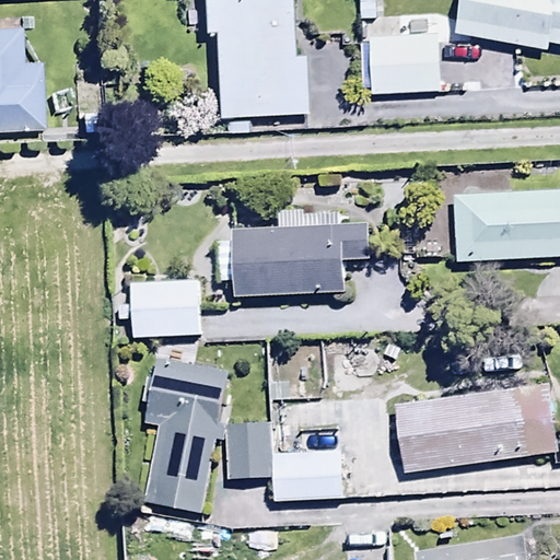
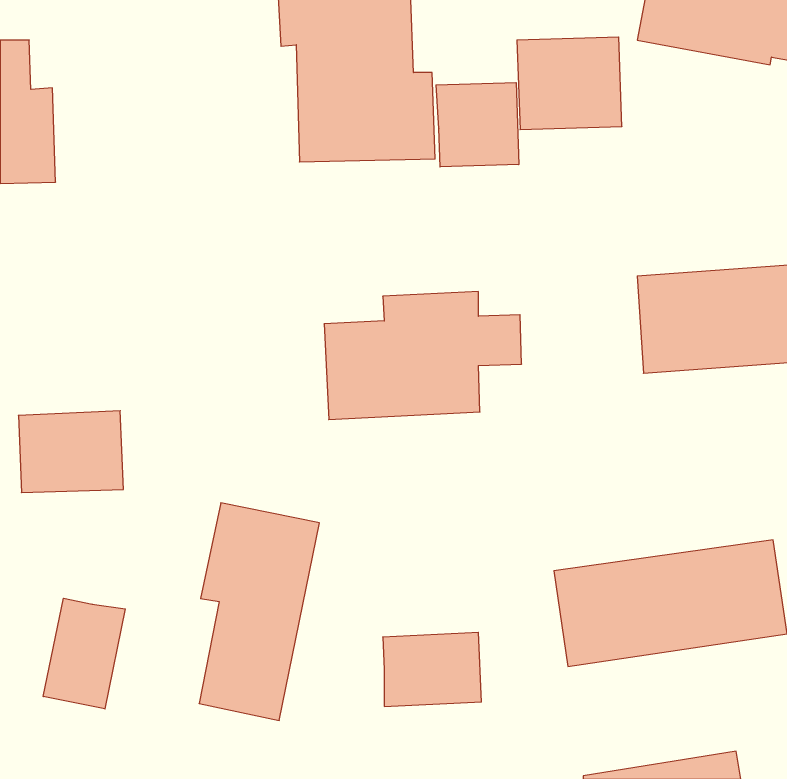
building: none -> [436,83,519,167]
building: [128,280,202,338] -> [18,411,123,493]
building: [226,421,273,477] -> none
building: none -> [43,598,125,709]

